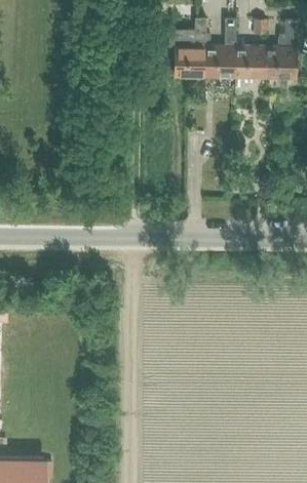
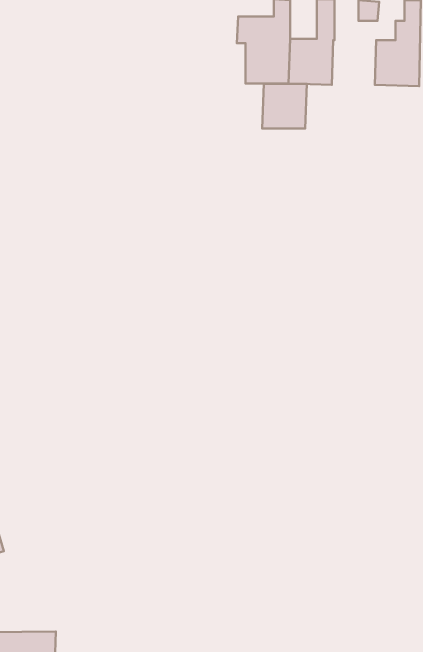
building: [234,47,265,78] -> [262,84,307,129]

